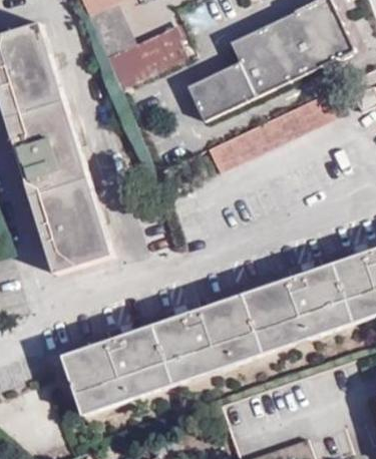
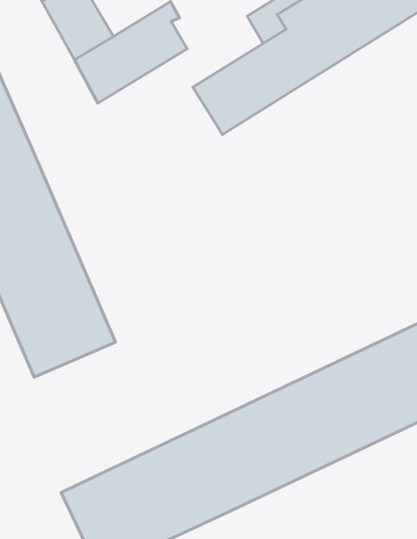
building: [205,92,335,174] -> none

